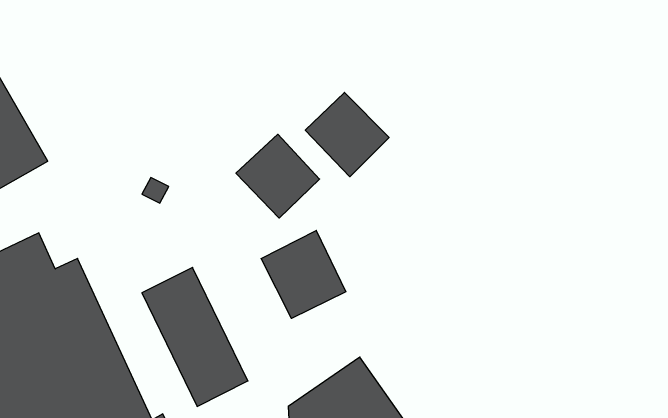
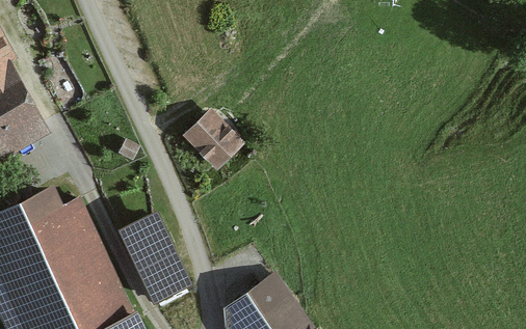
building: [305,92,389,177] -> none
building: [261,230,346,318] -> none

